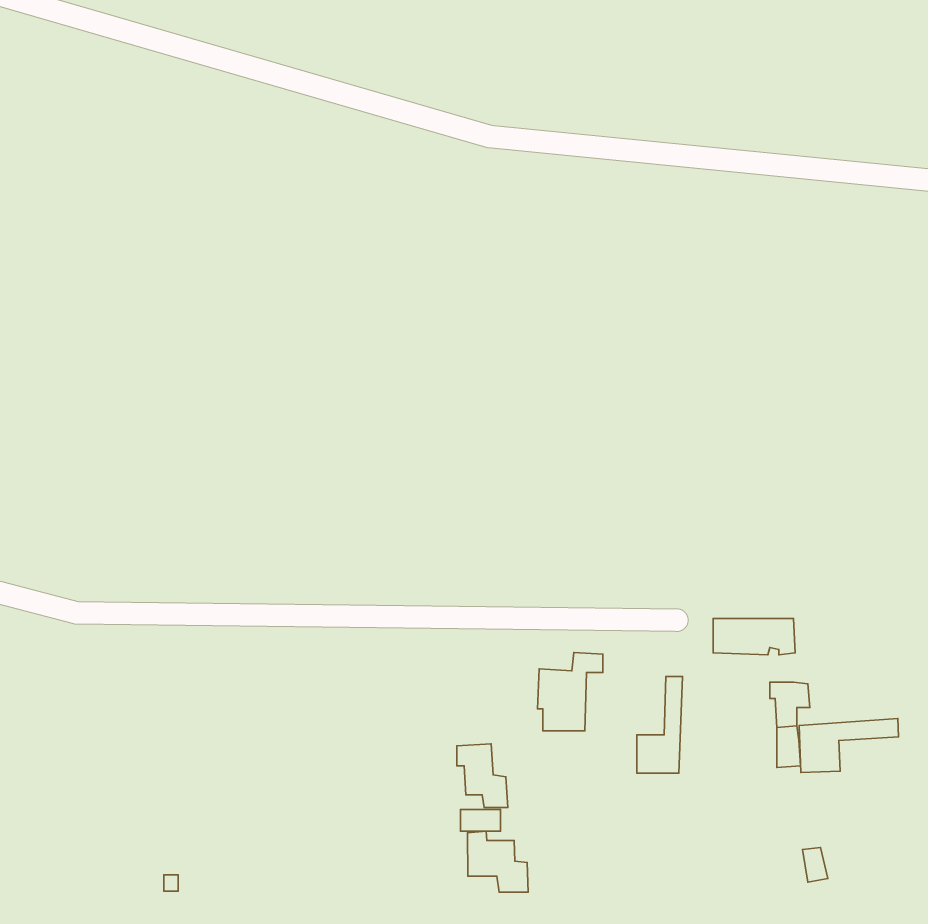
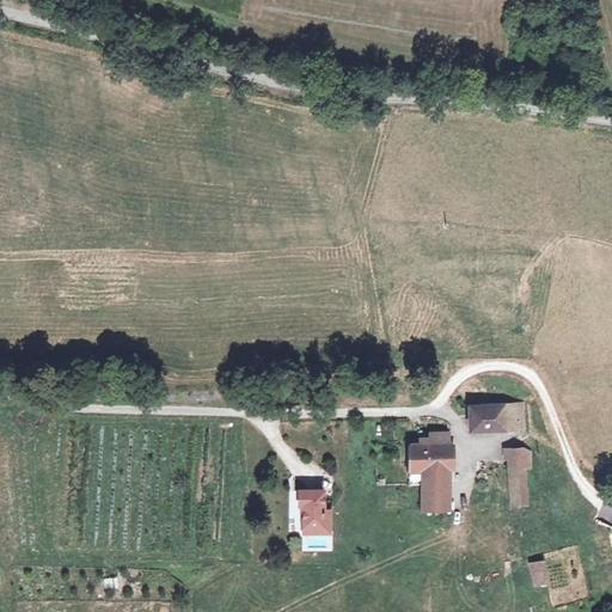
building: [537,652,603,731] -> [406,432,449,483]
building: [799,718,899,772] -> none
building: [468,831,528,892] -> none

